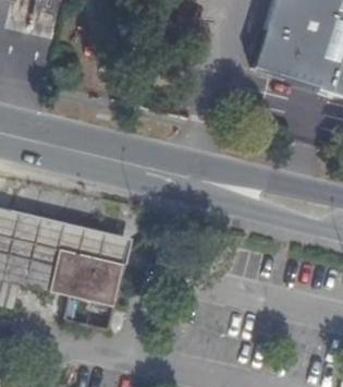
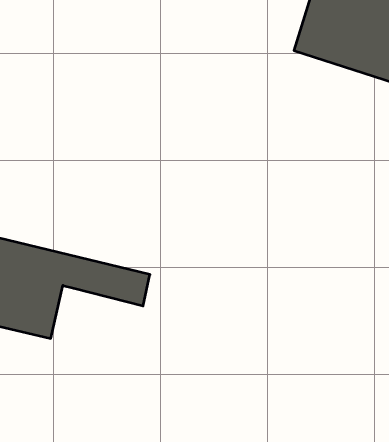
building: [50,251,124,309] -> none

